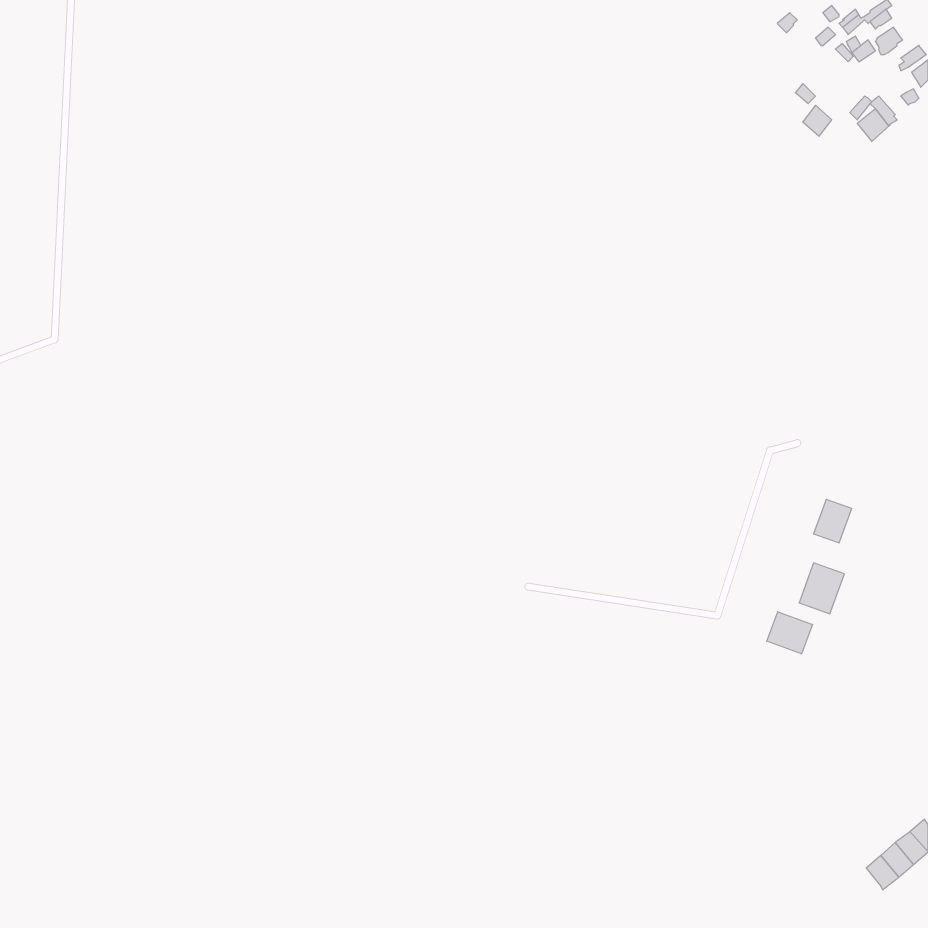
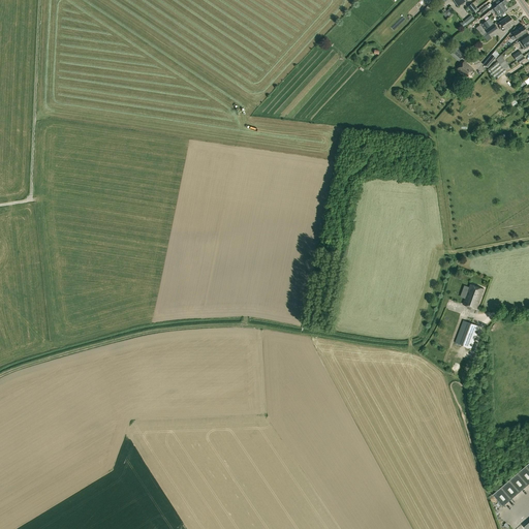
building: [767,612,812,654] -> none

